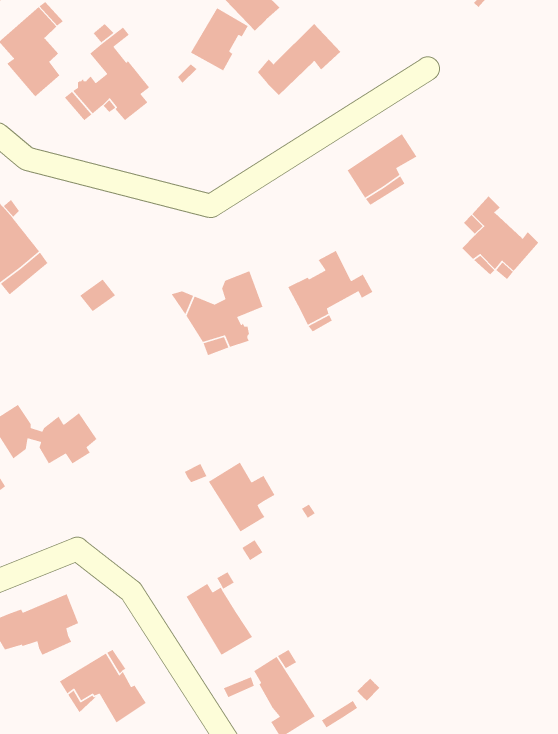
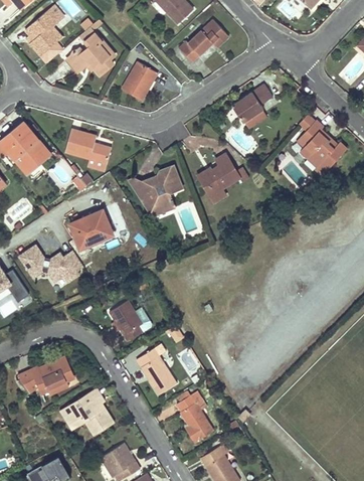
building: [190,7,249,71] -> [121,61,156,100]
building: none -> [64,128,109,163]
building: none -> [72,211,115,249]
building: [208,461,276,532] -> [108,300,148,342]

